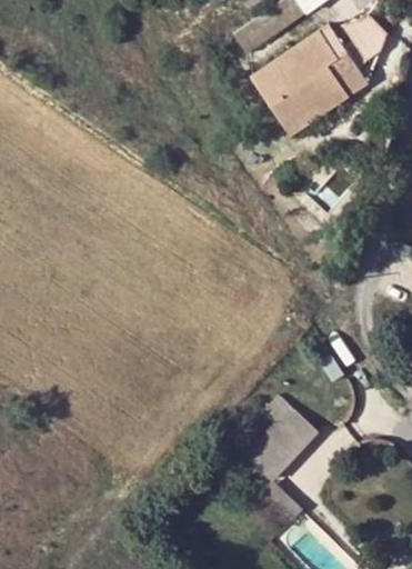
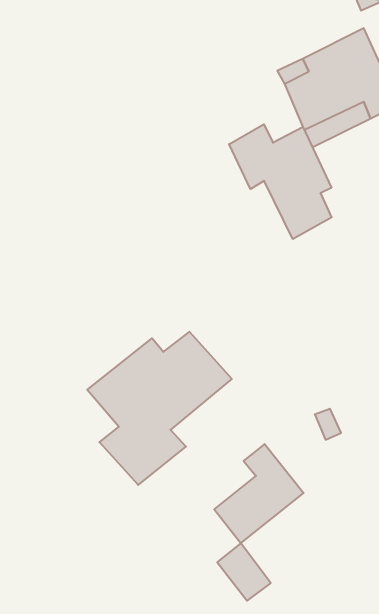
building: none -> [229,124,332,239]
building: none -> [87,332,232,485]

